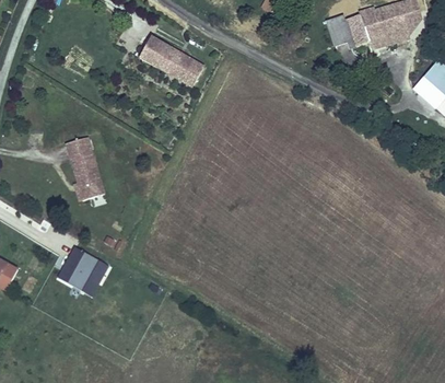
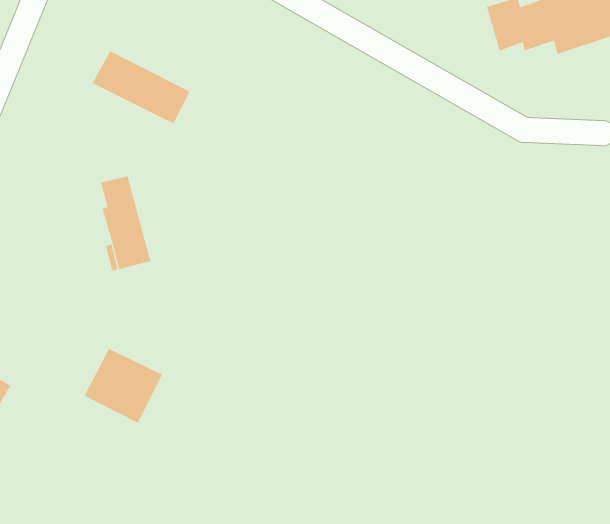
building: [137,32,202,81] -> [92,50,190,124]

